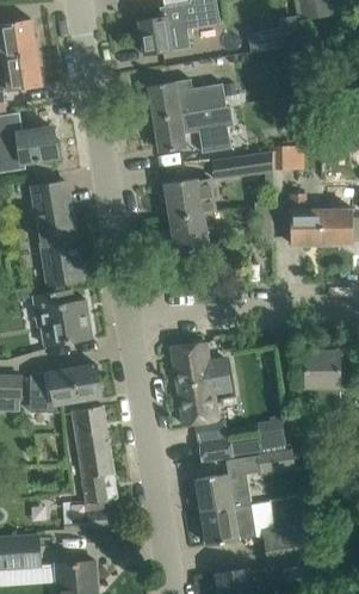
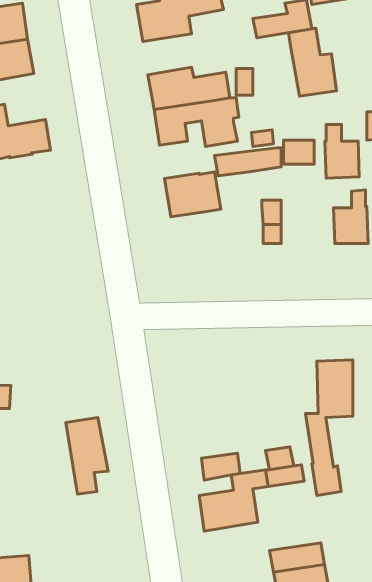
building: none -> [289,28,337,96]
building: [32,181,81,284] -> none
building: [290,194,322,245] -> [325,125,359,178]
building: [169,214,208,253] -> none
building: [31,289,92,346] -> none
building: [171,340,229,425] -> none
building: [30,364,100,413] -> none
building: [82,456,120,527] -> none
building: [200,503,255,544] -> none

